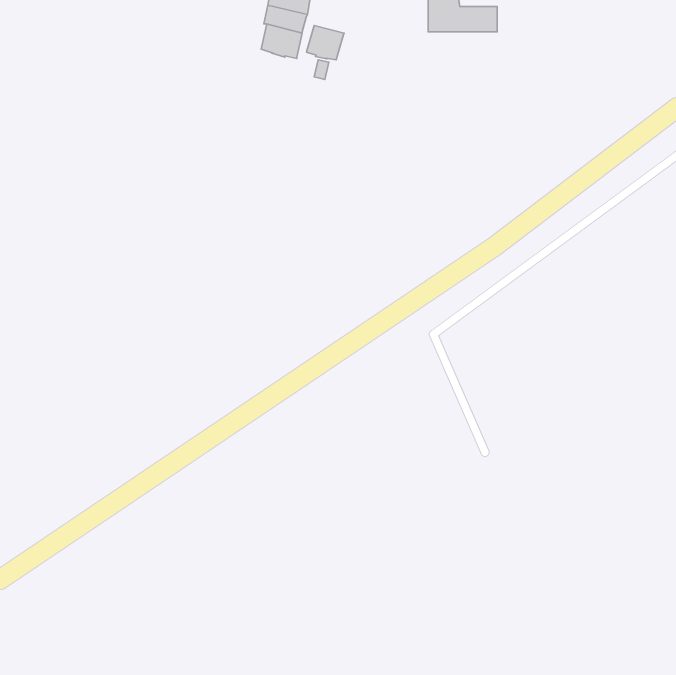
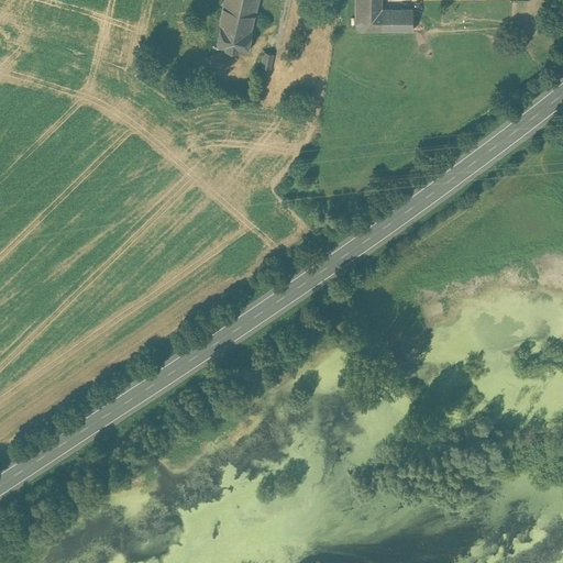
building: [306,25,344,60] -> none

